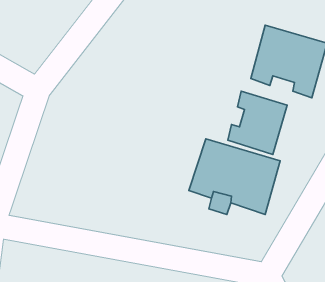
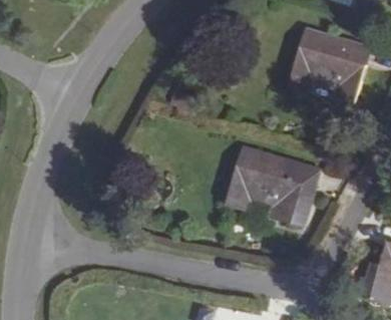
building: [228,91,287,154] -> none

